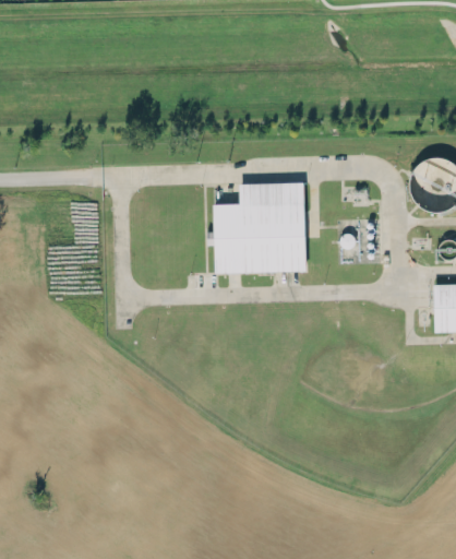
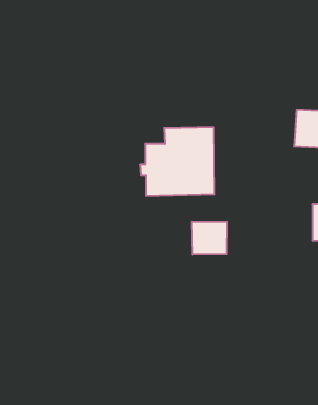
building: none -> [192,222,227,255]

